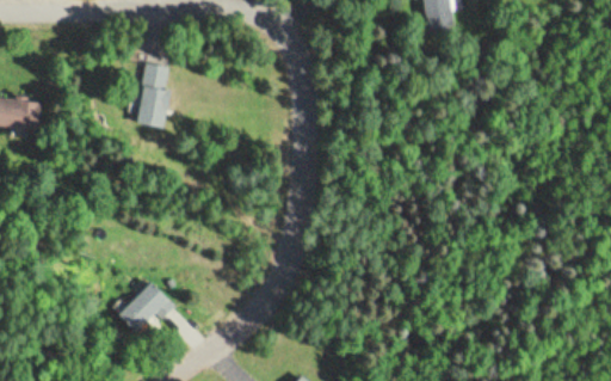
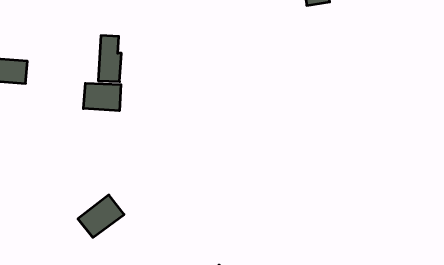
building: none -> [83,83,121,111]

